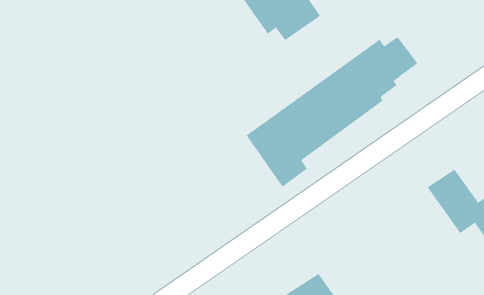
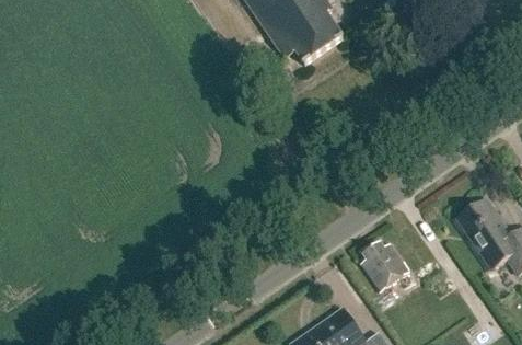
building: [246,36,418,188] -> none
building: none -> [360,241,408,289]

